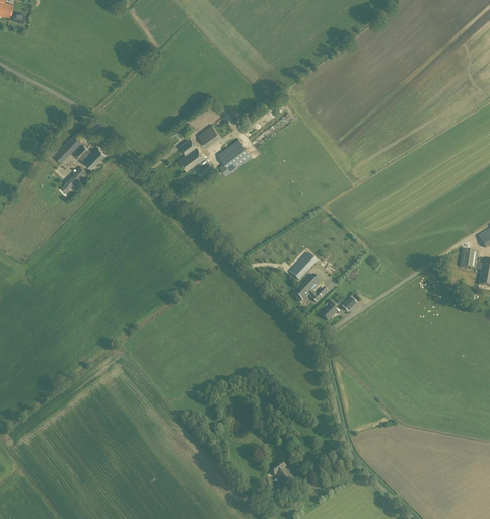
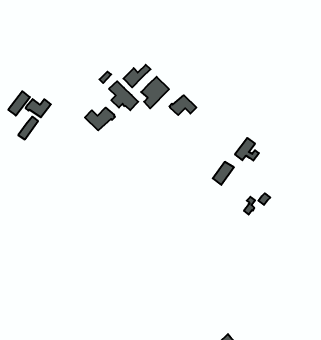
building: none -> [169,95,196,115]
building: none -> [85,108,115,130]
building: [294,274,324,302] -> [235,138,259,161]

